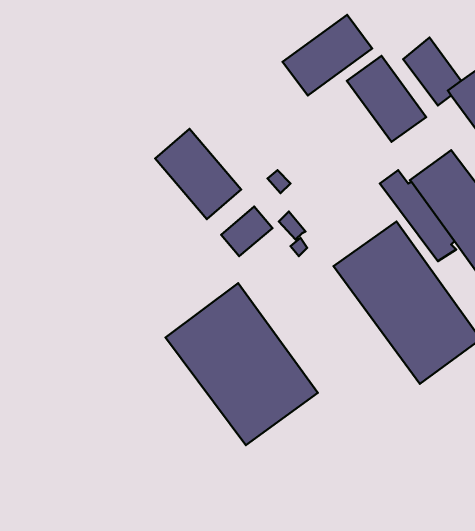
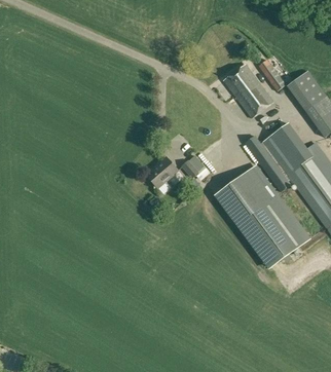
building: [283,15,372,96] -> none
building: [155,129,241,219] -> none
building: [166,283,318,445] -> none

